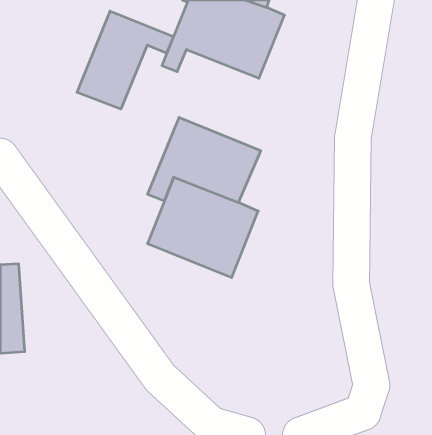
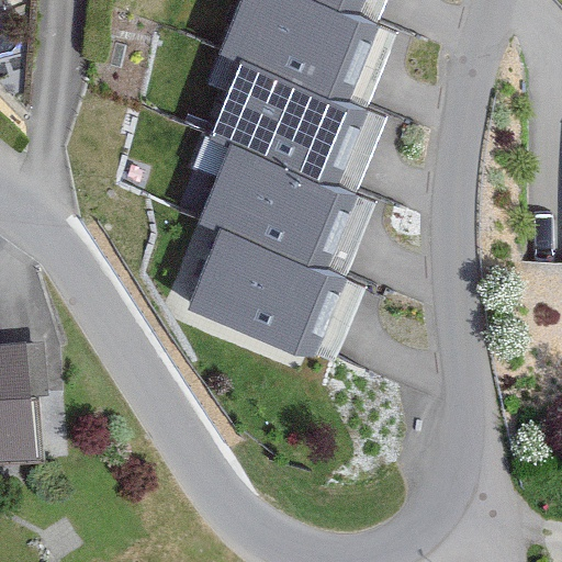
building: [77,11,174,109] -> none
building: none -> [207,64,355,187]

